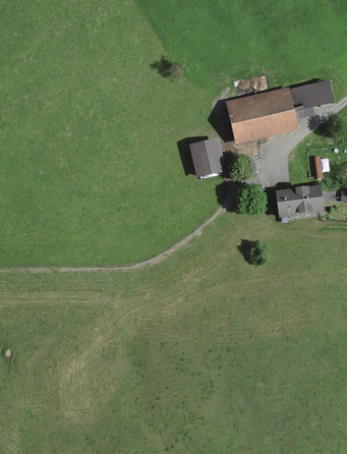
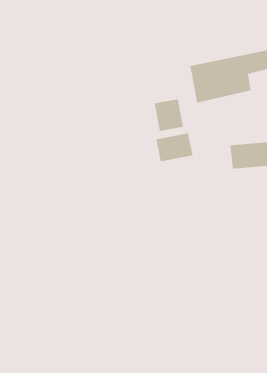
building: none -> [156,132,193,162]

